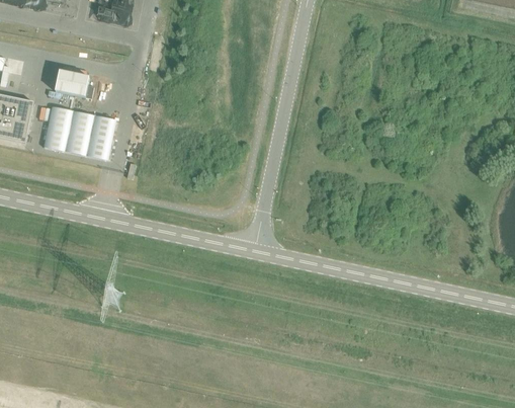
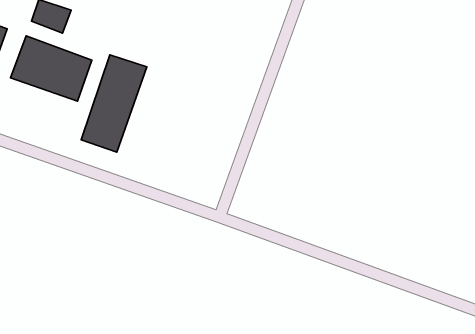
building: none -> [81,55,147,152]

